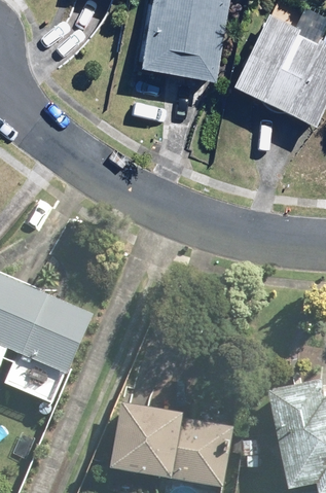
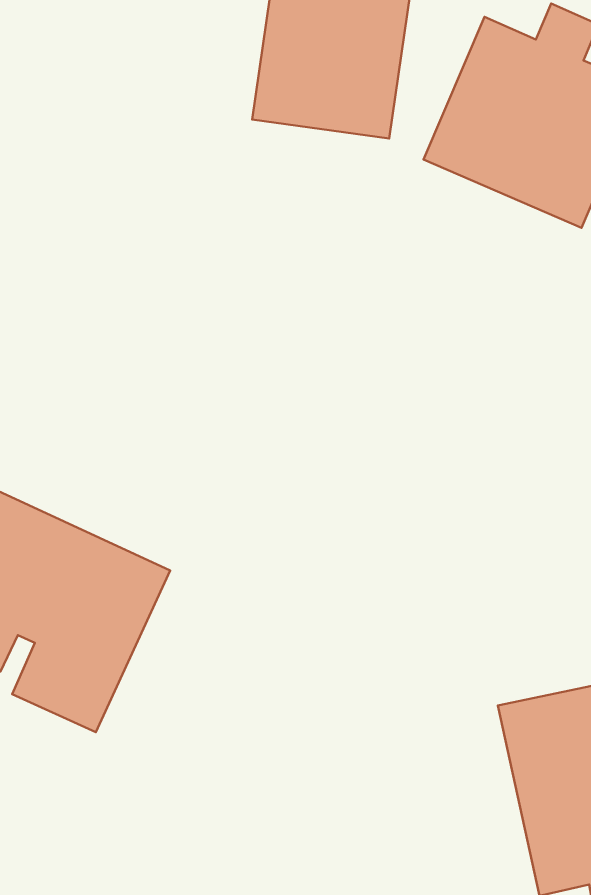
building: [114,400,232,484] -> none

